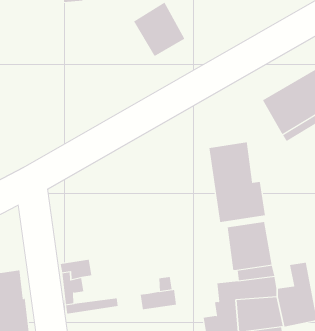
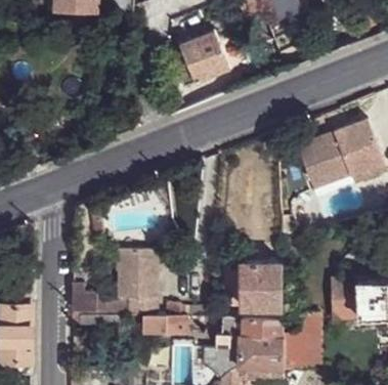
building: [209,142,266,223] -> none
building: none -> [117,249,157,313]

